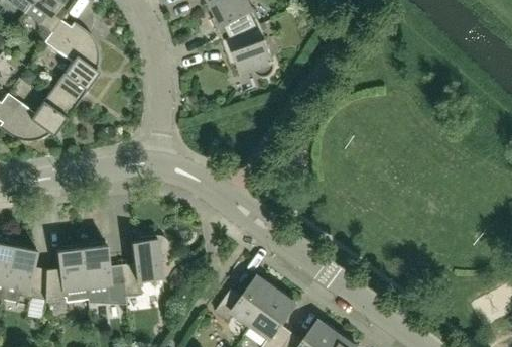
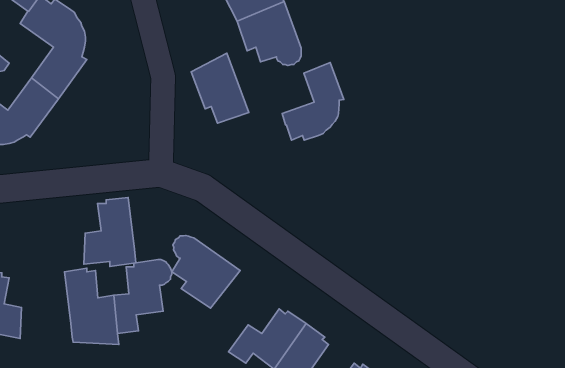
building: none -> [191,53,249,123]
building: none -> [282,62,344,140]
building: none -> [172,235,240,308]
building: [44,245,87,302] -> [84,197,136,267]

